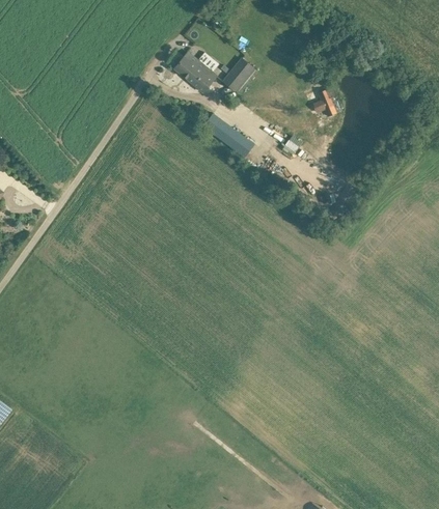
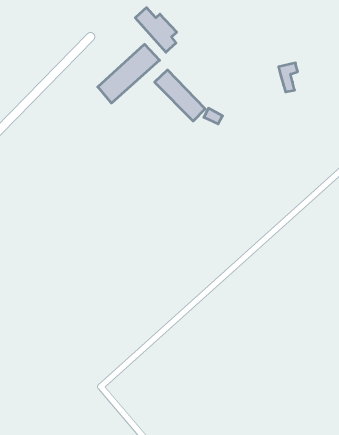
building: [223,59,255,93] -> none
building: none -> [98,44,160,103]

